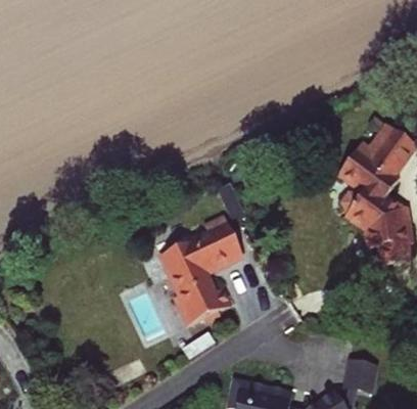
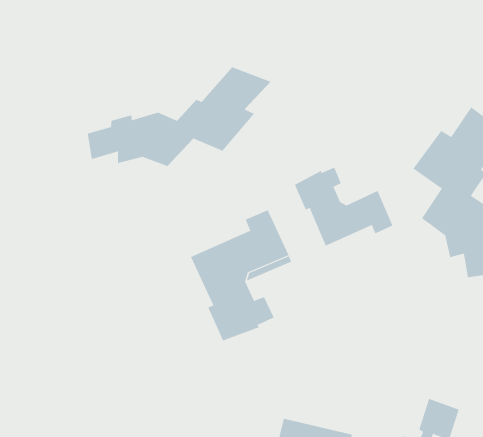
building: none -> [87,66,271,167]
building: none -> [294,167,393,246]

